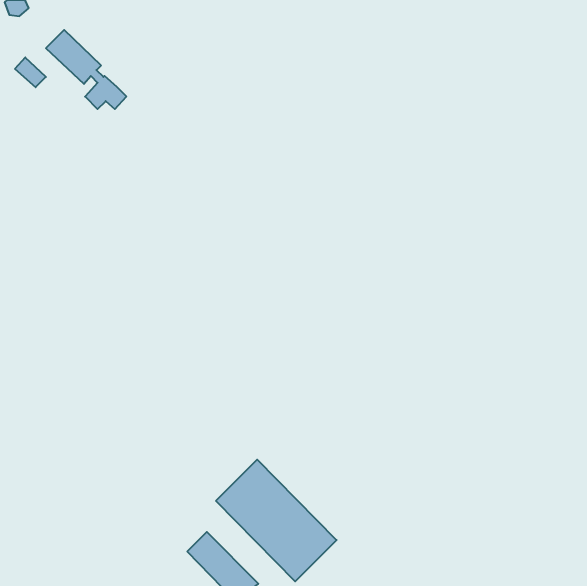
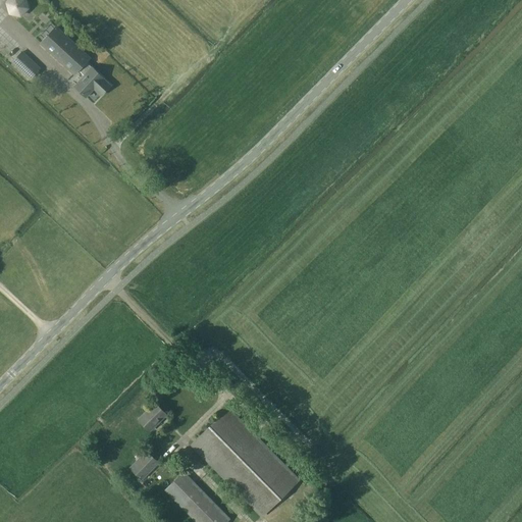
building: none -> [139,404,166,431]
building: none -> [130,452,158,479]

